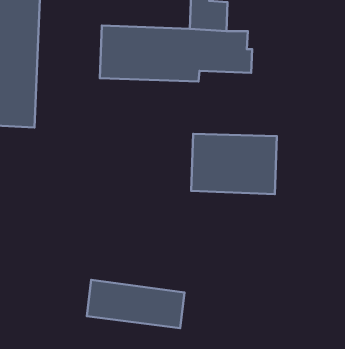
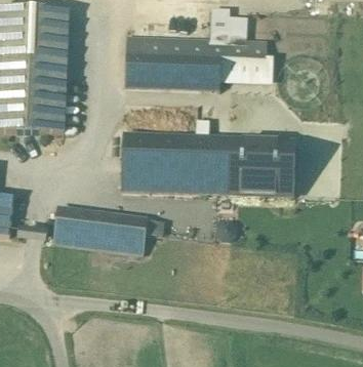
building: none -> [121,134,214,193]
building: [87,280,185,328] -> [53,207,147,253]

